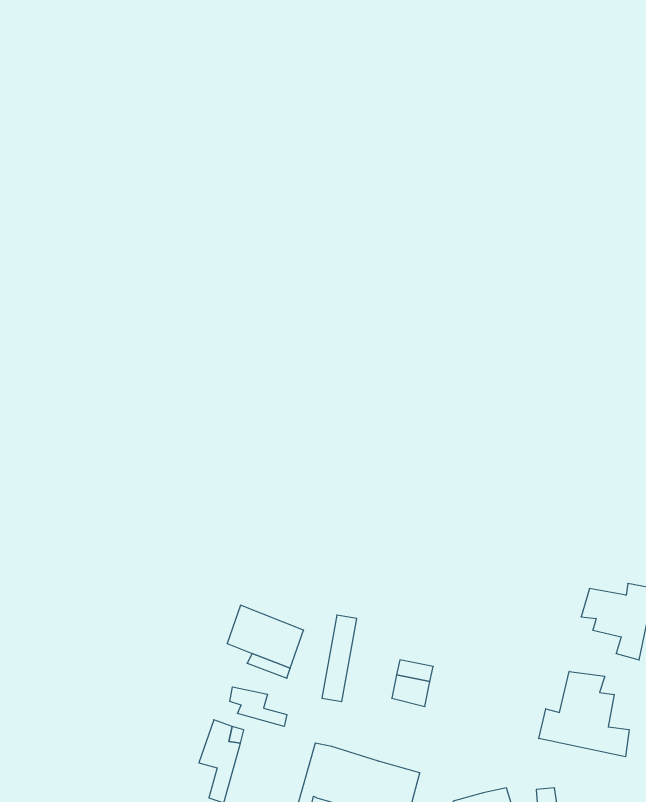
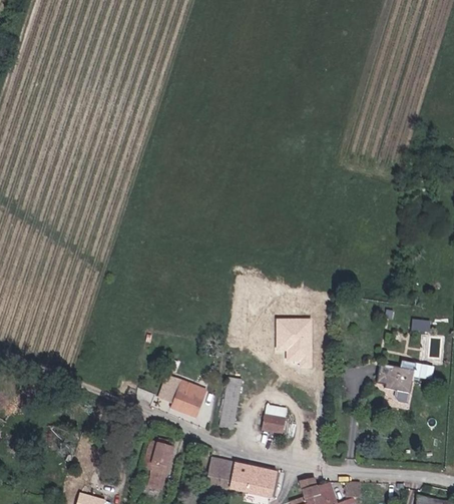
building: none -> [276,318,312,367]
building: [539,671,629,757] -> none
building: [230,687,287,726] -> none

